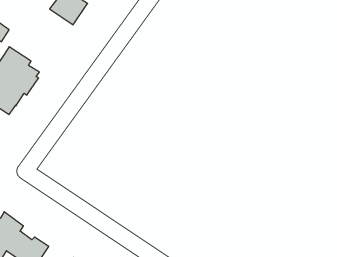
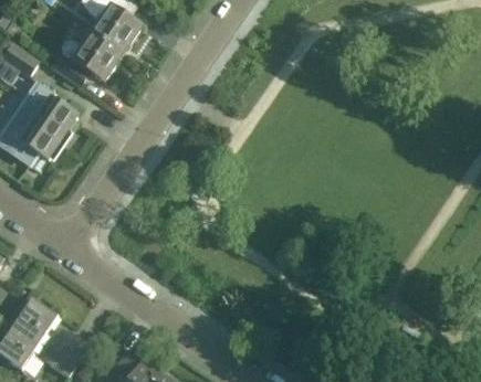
building: none -> [50,33,121,85]

